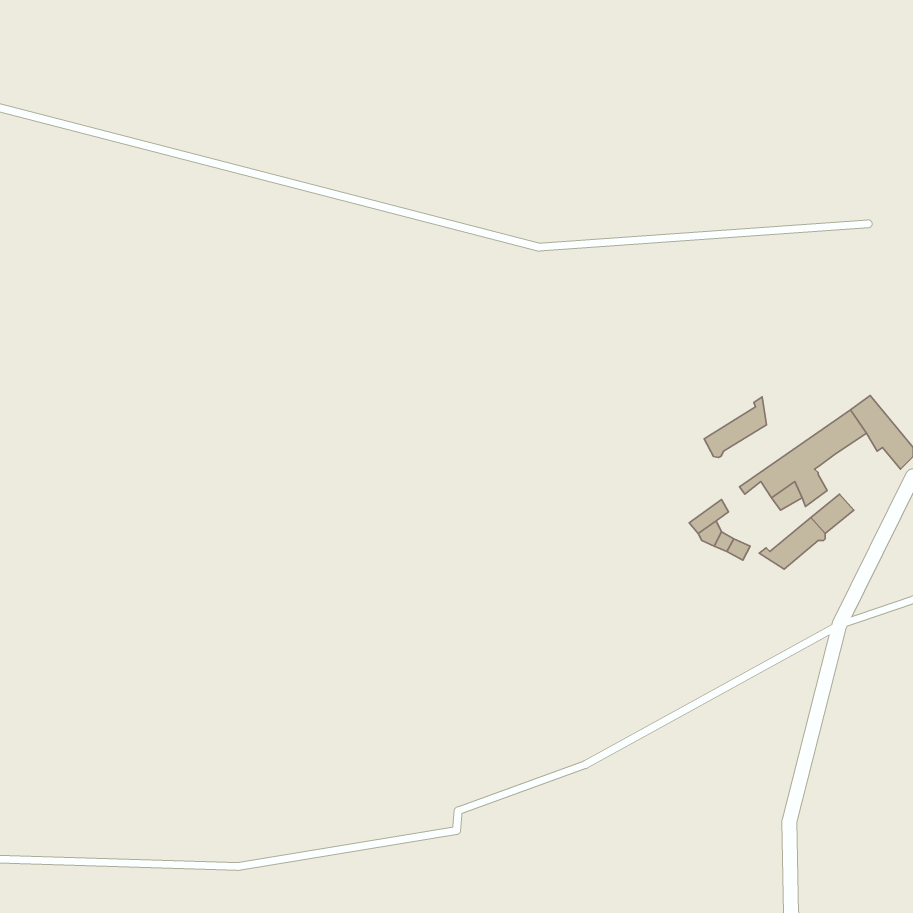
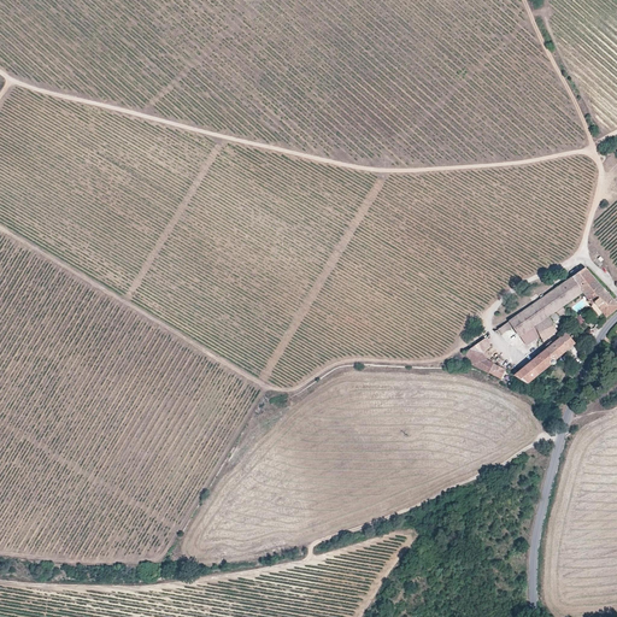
building: [704,397,767,458] -> none

